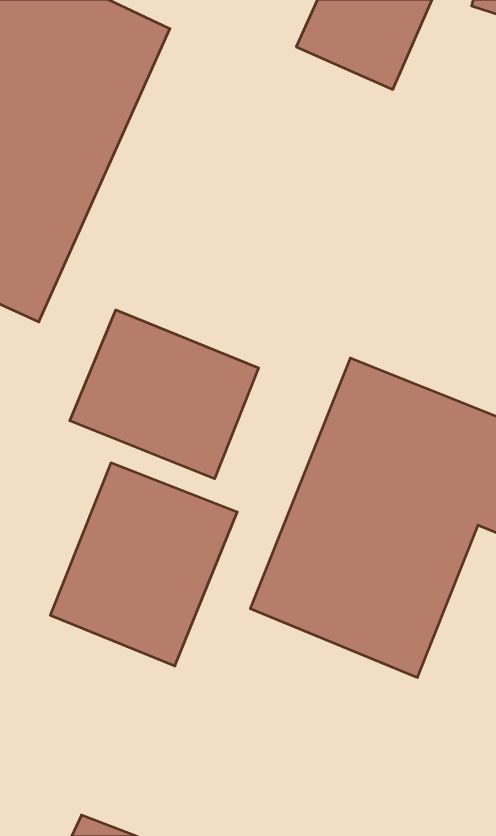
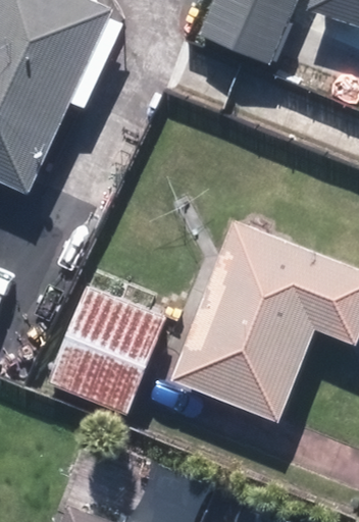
building: [70,310,259,479] -> none

